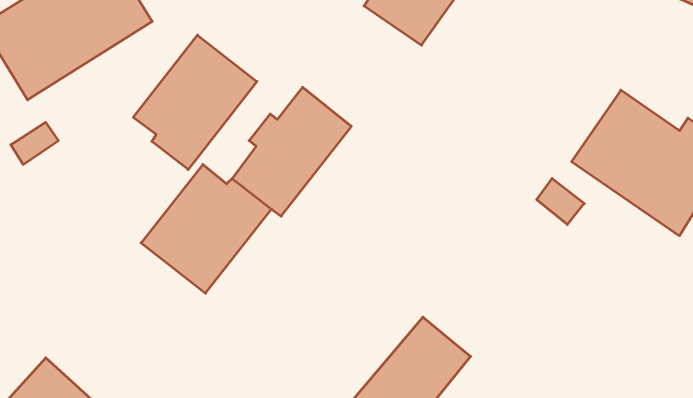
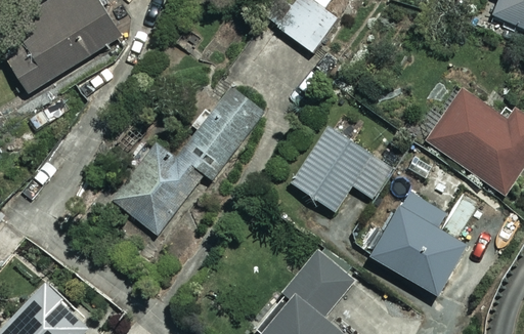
building: [133,35,257,170] -> none
building: none -> [287,125,391,215]
building: none -> [367,190,469,297]

